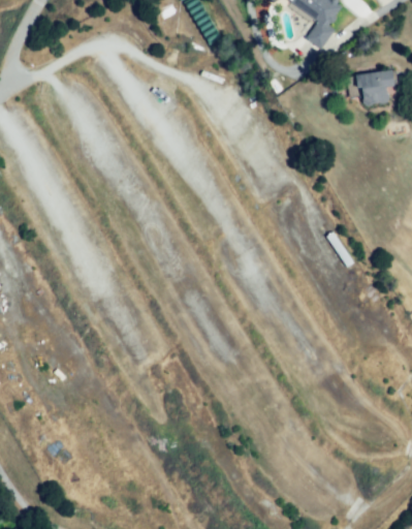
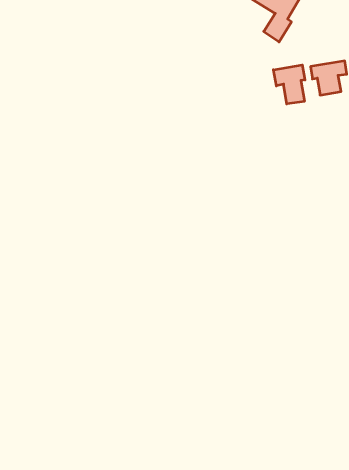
building: none -> [273,65,305,104]

